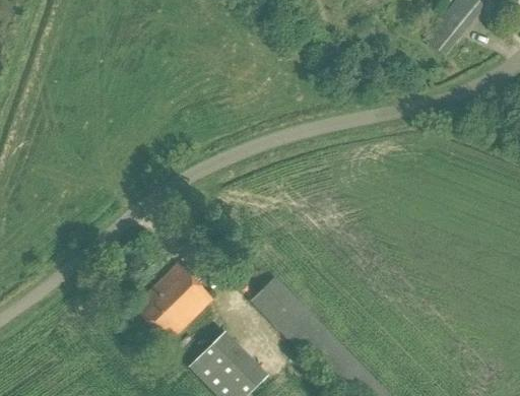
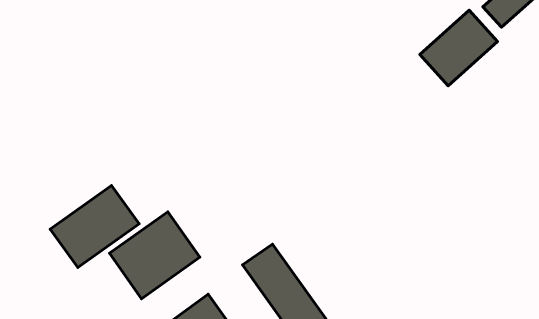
building: none -> [420,10,498,86]
building: none -> [50,185,139,267]

